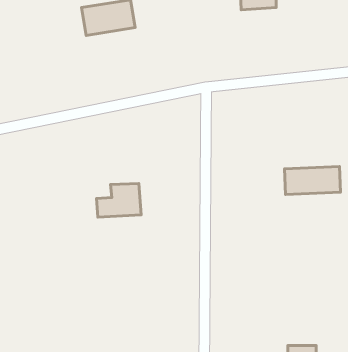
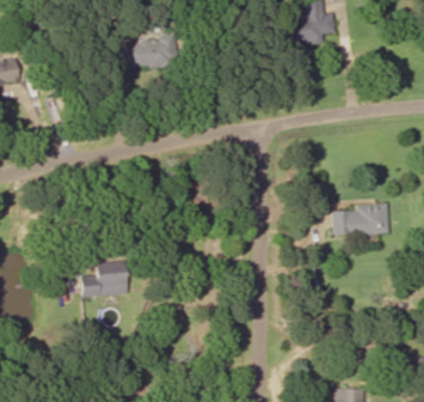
building: [97,183,141,217] -> [80,261,125,296]

